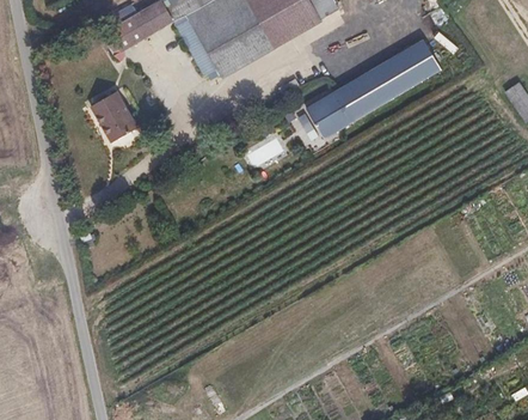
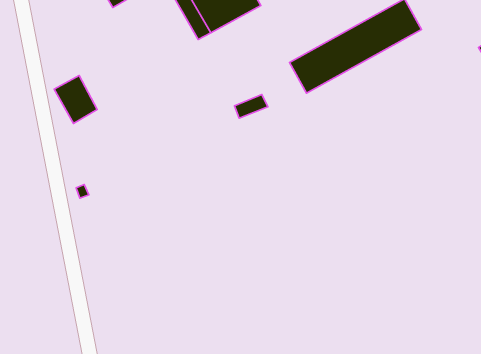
building: [90,90,135,140] -> [54,75,97,123]

